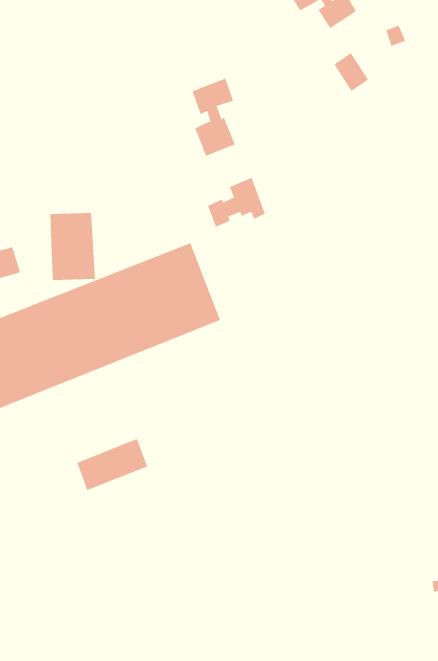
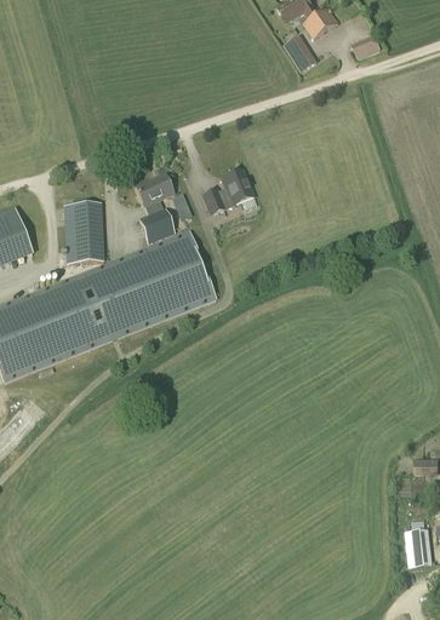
building: [333,52,369,92] -> [284,35,315,70]
building: [192,78,235,157] -> [136,173,175,243]
building: [76,438,148,491] -> none

